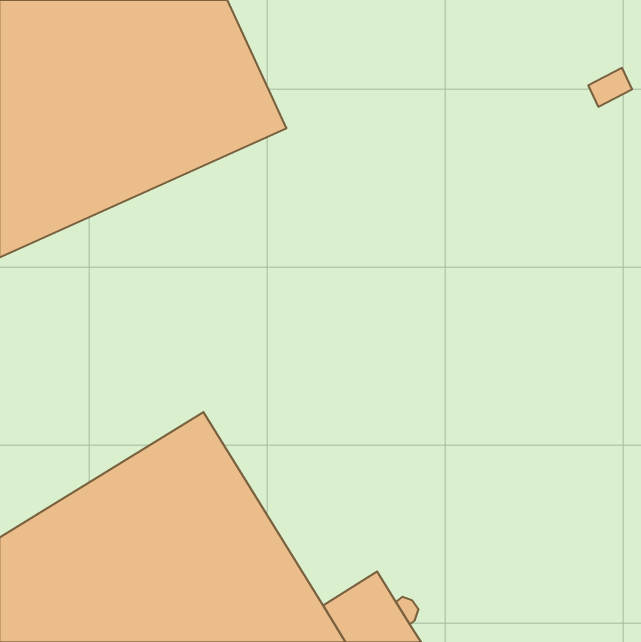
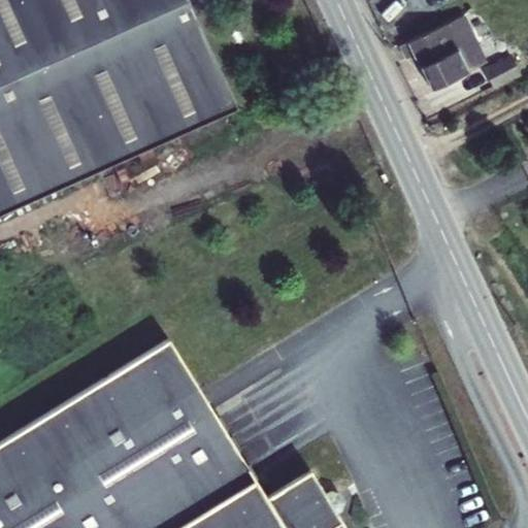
building: none -> [400,15,484,89]

